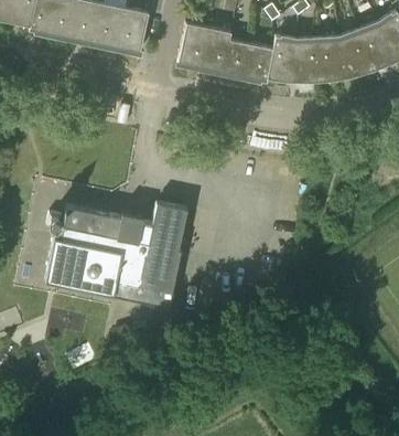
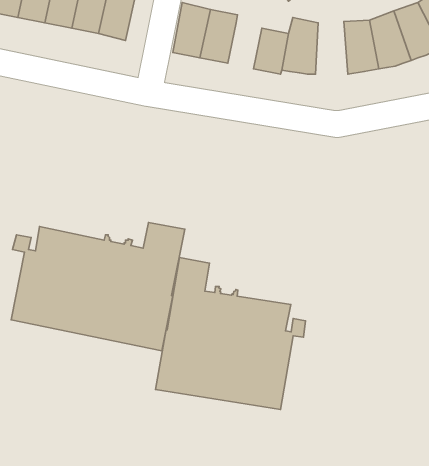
building: [294,38,321,81] -> none
building: [223,39,250,76] -> none
building: none -> [155,258,305,409]

